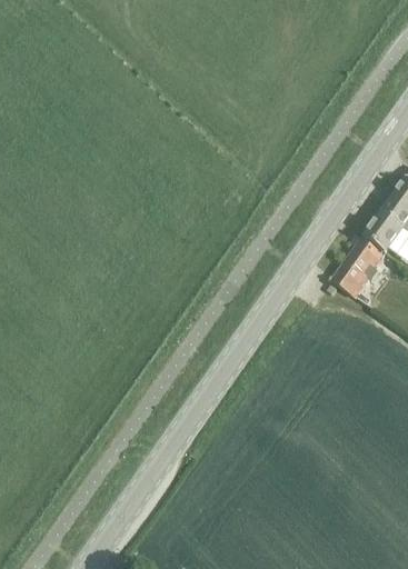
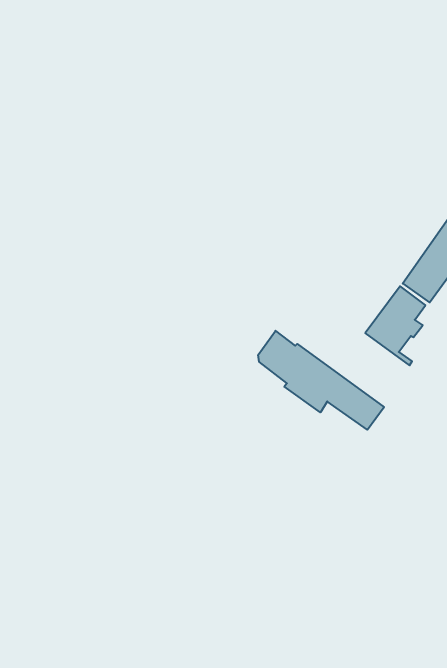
building: none -> [258,331,384,430]

